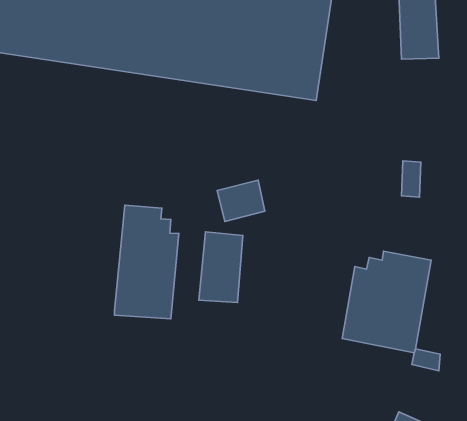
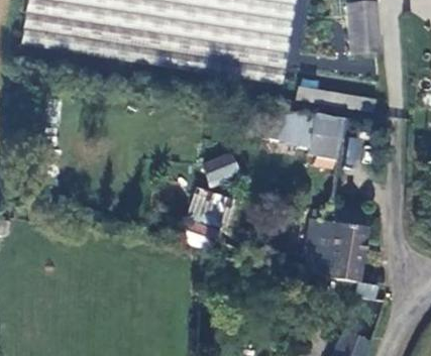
building: none -> [251,79,378,165]
building: [115,205,179,319] -> none

